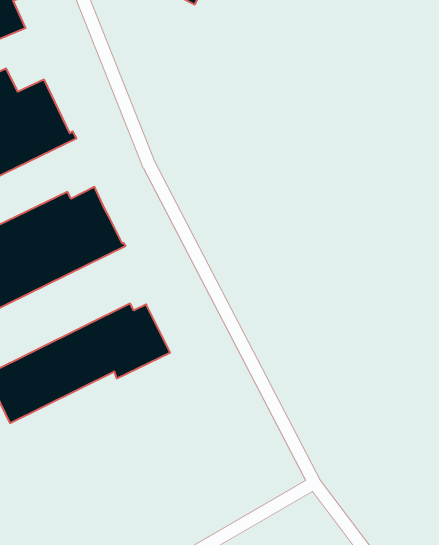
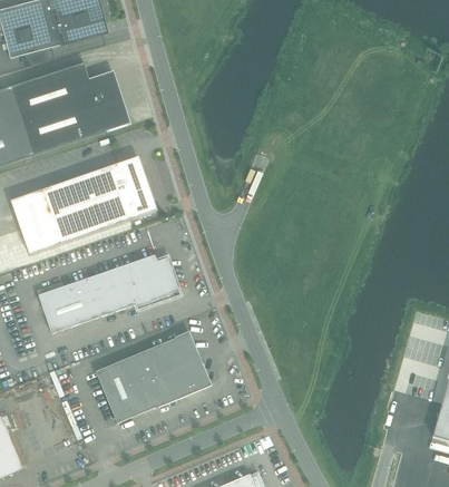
building: none -> [95,332,209,422]

